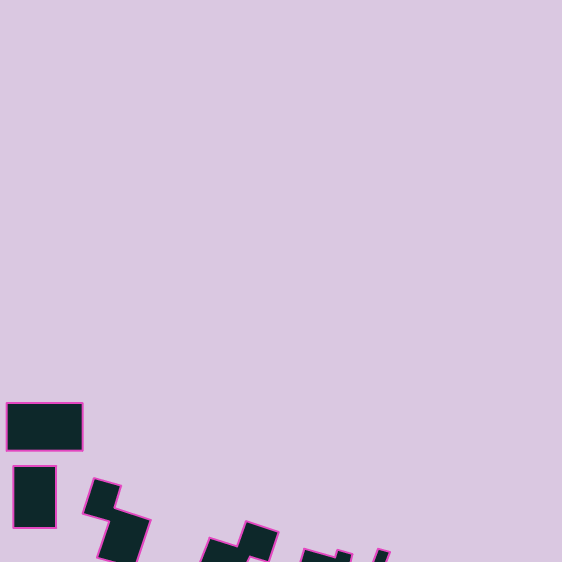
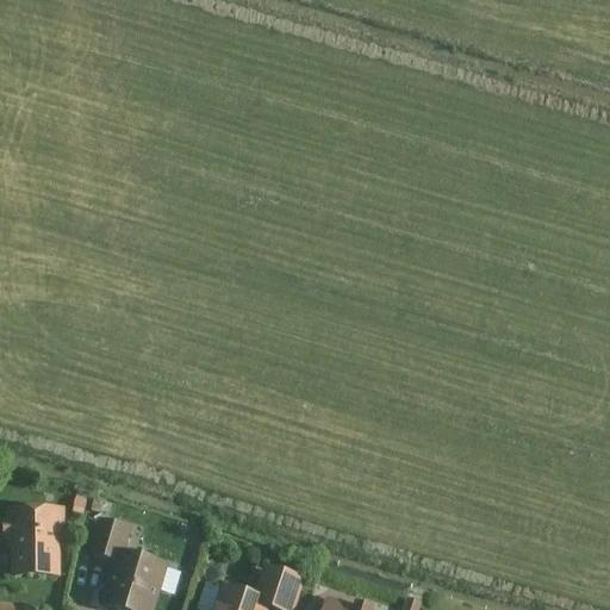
building: [7,403,82,451] -> none

